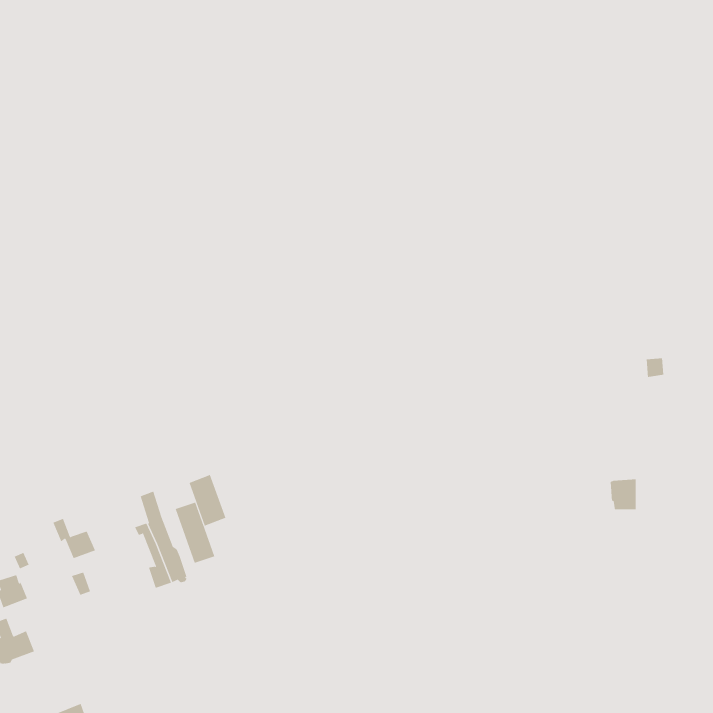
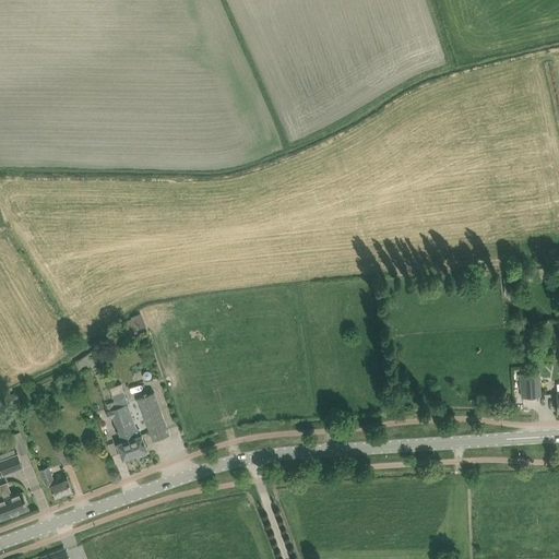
building: [189,474,226,527] -> none
building: [610,479,636,510] -> [518,373,538,397]
building: [52,518,96,559] -> [38,467,72,499]

